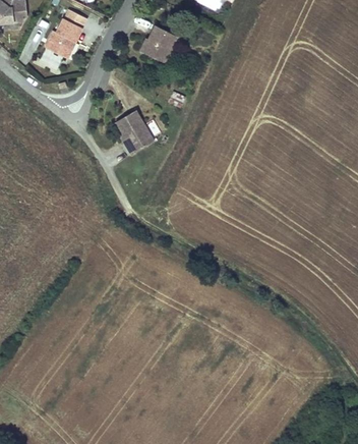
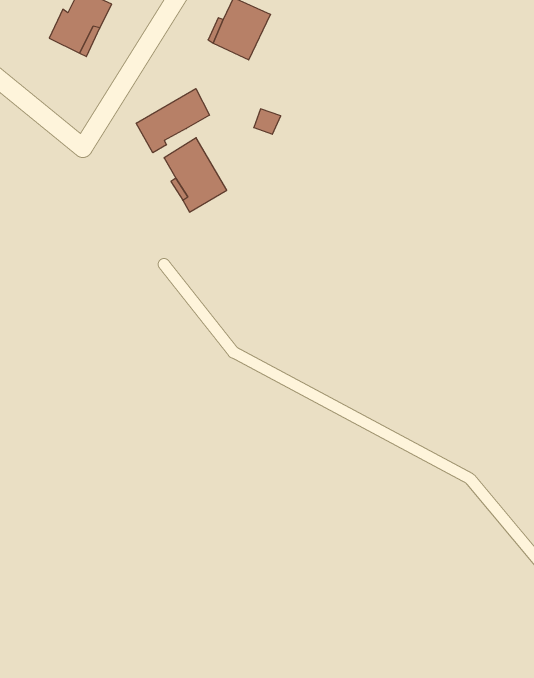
building: none -> [136,89,209,153]

